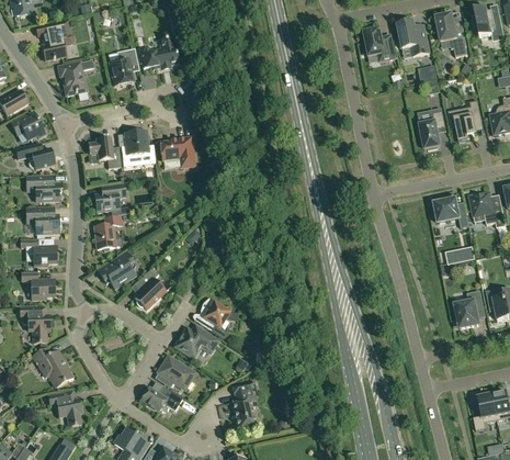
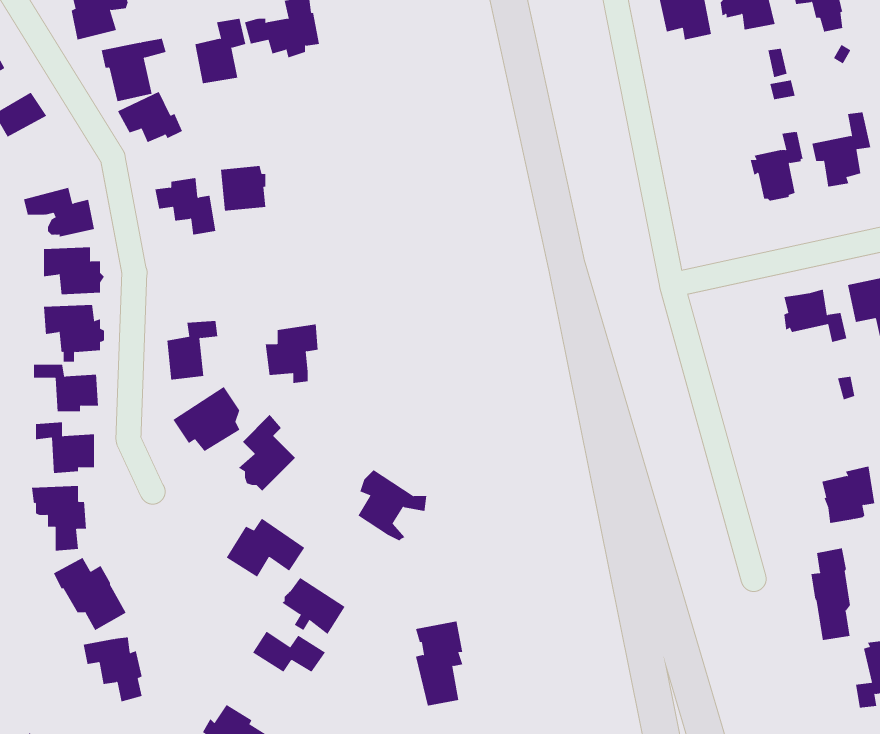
building: [11,111,47,139] -> [117,91,183,143]
building: [160,136,194,166] -> none
building: [95,182,125,215] -> [265,324,318,384]
building: [175,324,219,357] -> [226,518,305,578]
building: none -> [811,548,851,641]

